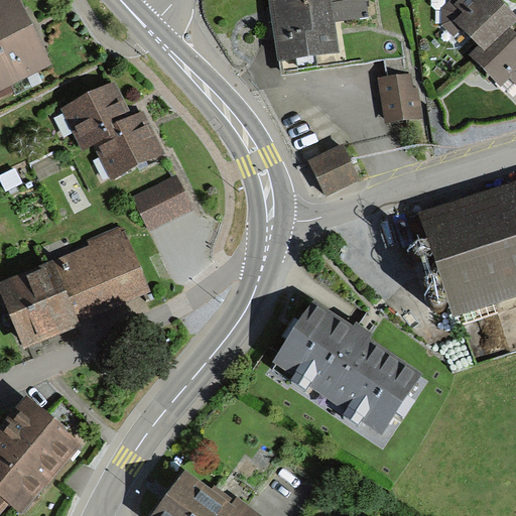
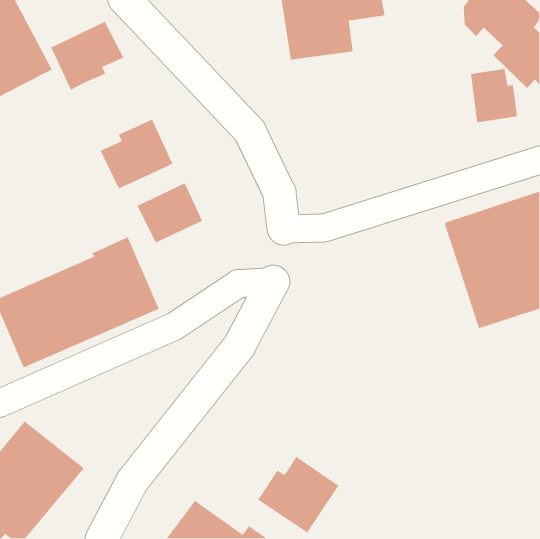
building: [377,70,422,122] -> [470,68,518,123]
building: [61,84,132,150] -> [50,21,124,91]
building: [306,141,359,194] -> none
building: [275,300,420,429] -> none
building: none -> [257,456,339,534]

